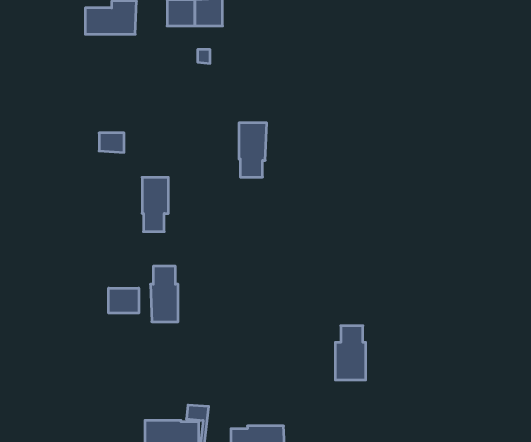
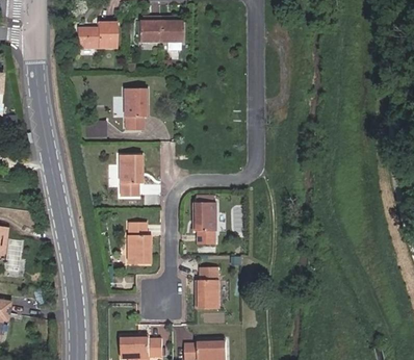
building: [239,123,267,177] -> [125,87,146,128]
building: none -> [196,201,217,241]
building: [109,288,139,313] -> none
building: [335,326,366,380] -> [198,266,221,307]

